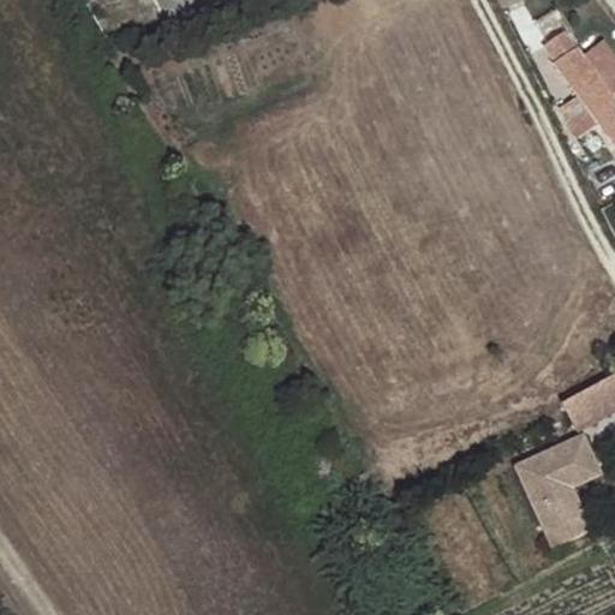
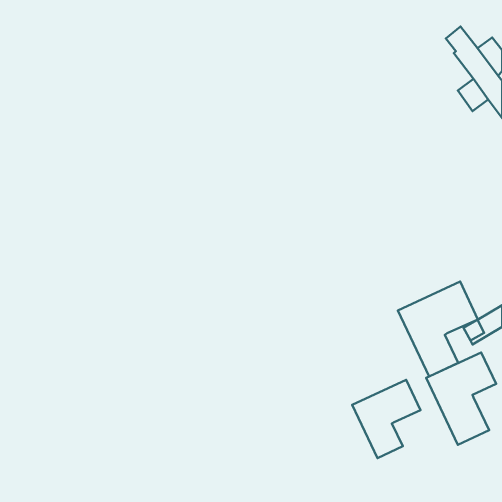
building: none -> [398,282,478,377]
building: none -> [352,380,421,458]

